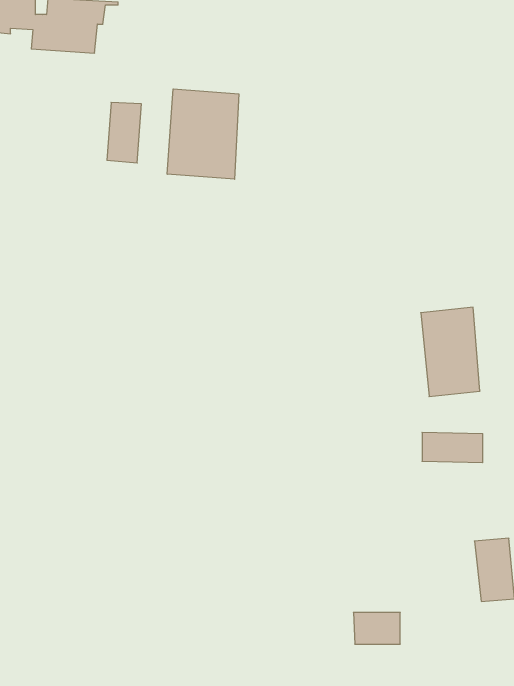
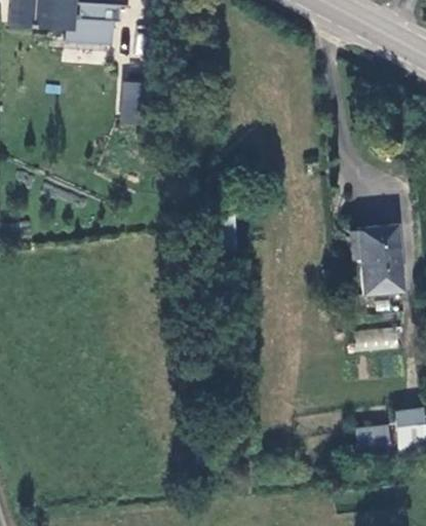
building: [167,89,239,179] -> none
building: [353,612,400,644] -> [356,424,391,448]

